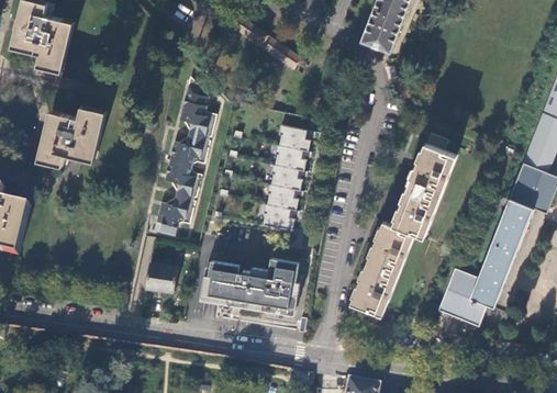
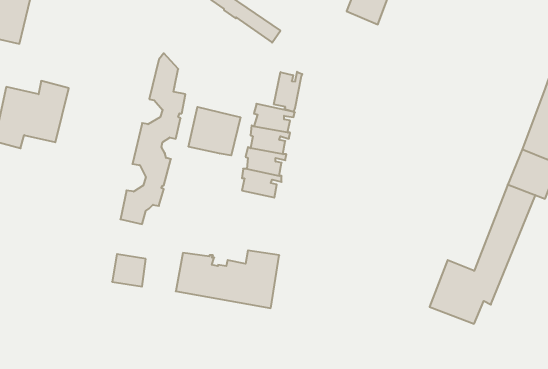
building: none -> [274,72,302,112]
building: none -> [189,107,240,155]
building: [350,132,456,314] -> none
building: [261,203,299,228] -> none

